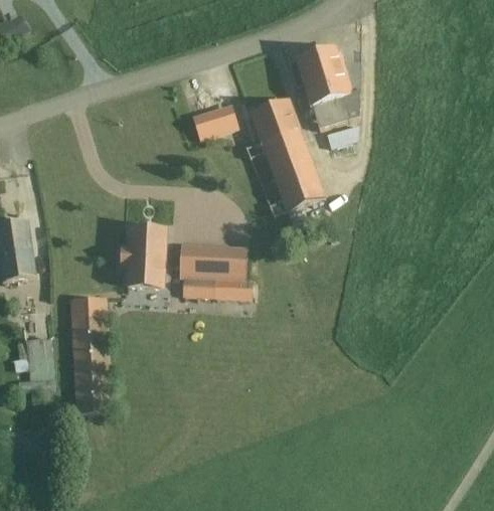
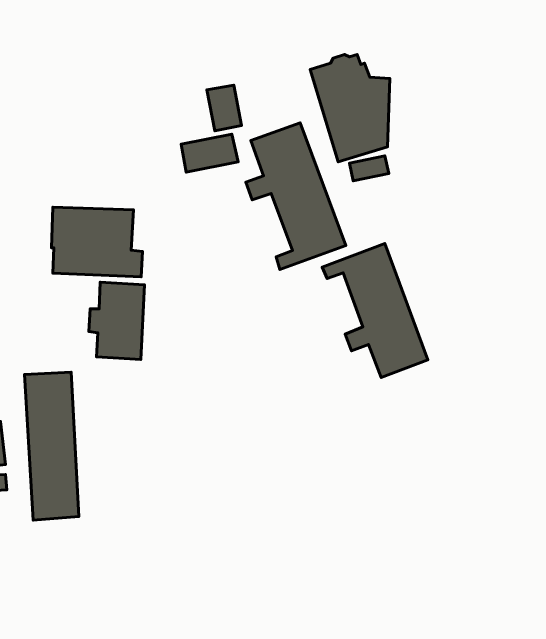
building: none -> [207,85,242,131]
building: none -> [322,243,428,378]
building: [180,243,253,299] -> [51,207,143,277]

